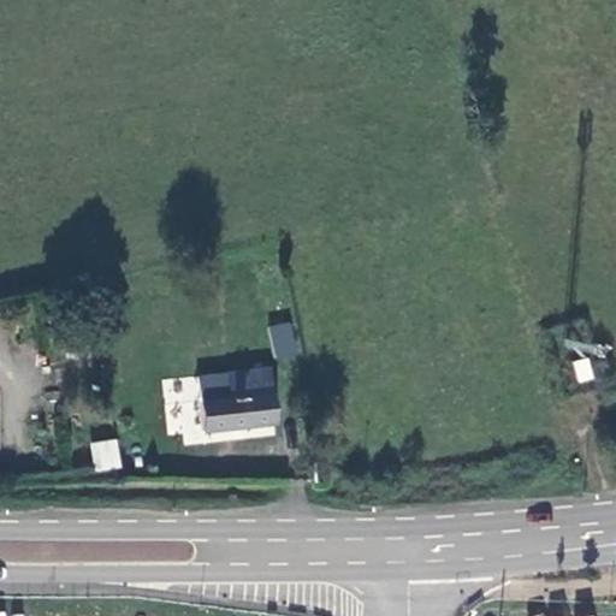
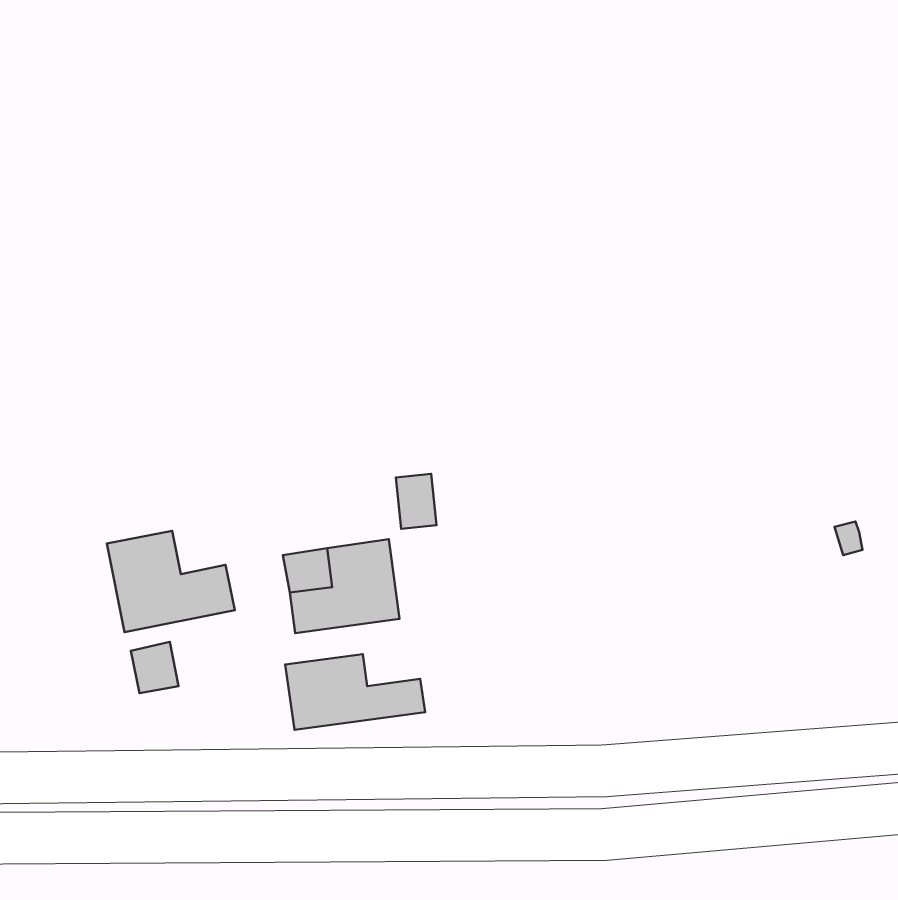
building: none -> [107,531,235,632]
building: none -> [285,654,425,730]

